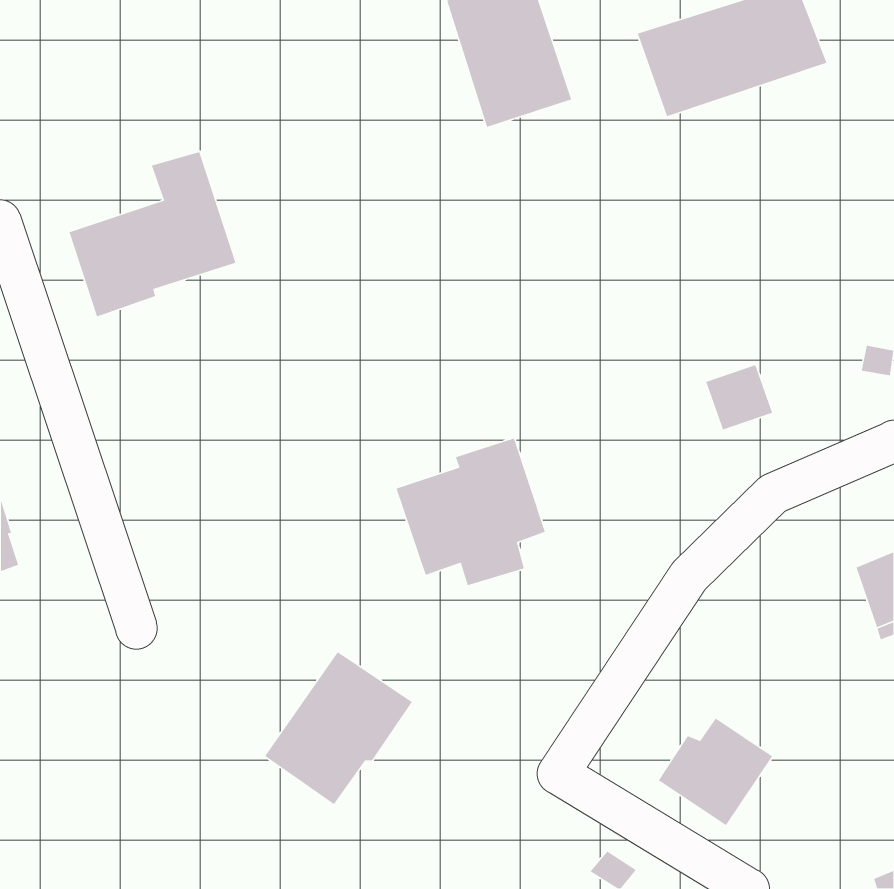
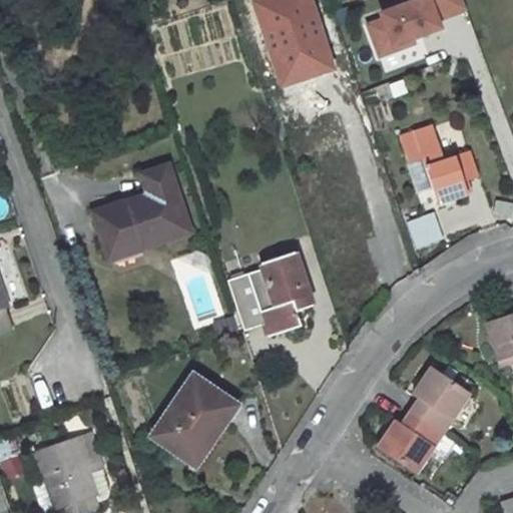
building: [69,151,237,317] -> [93,163,189,259]
building: none -> [399,123,480,200]
building: none -> [410,369,469,433]
building: none -> [36,432,99,504]

